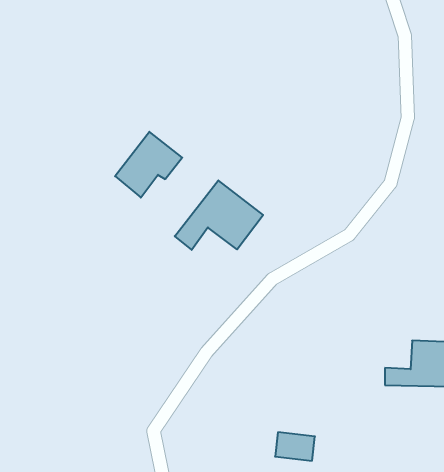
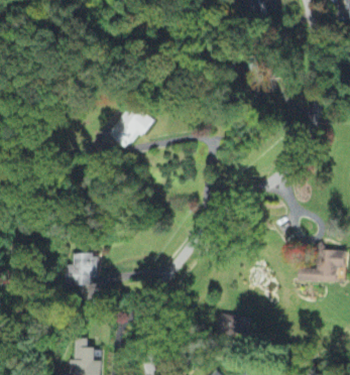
building: [175,180,263,250] -> none
building: none -> [64,253,96,285]

